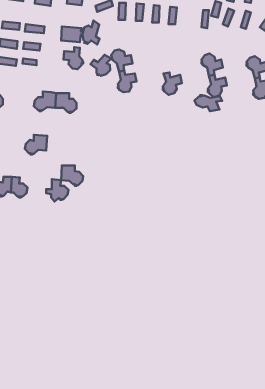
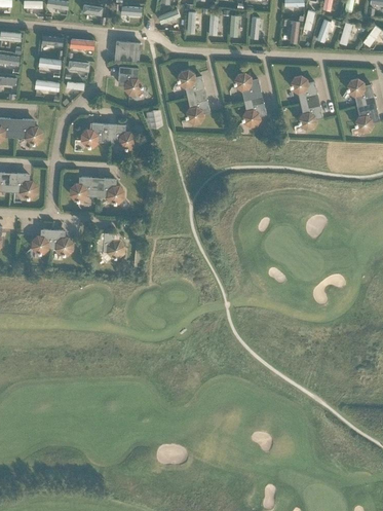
building: [82,20,100,45] -> none
building: none -> [233,73,260,100]
building: [90,55,111,76] -> none
building: [194,95,222,111] -> none
building: [61,165,83,186] -> [95,178,123,204]

